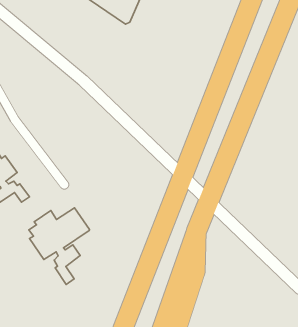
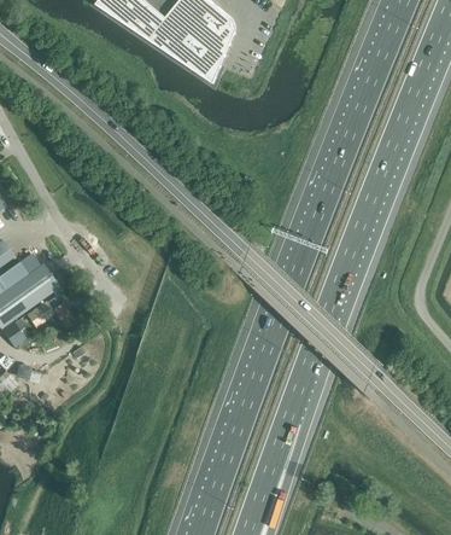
building: [29,208,89,285] -> none

